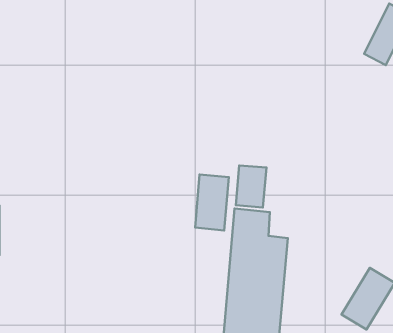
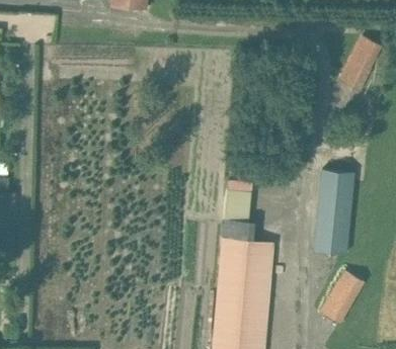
building: none -> [314,169,354,253]
building: [195,174,229,230] -> none

